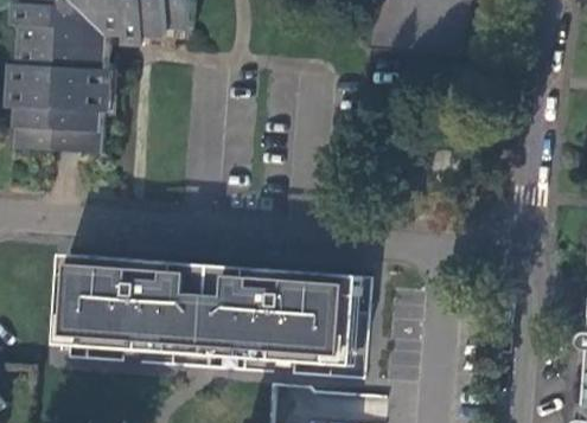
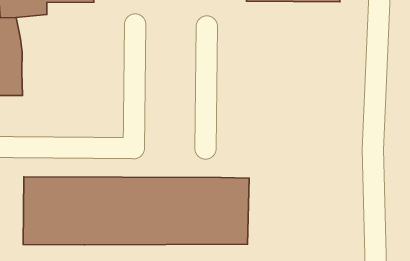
building: [68,45,108,150] -> none

